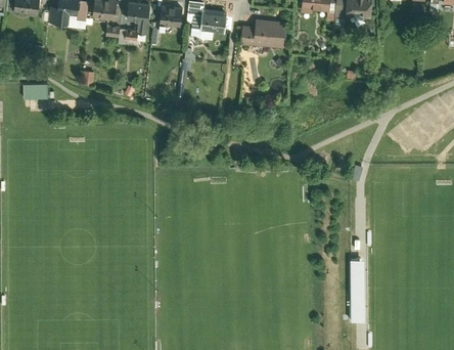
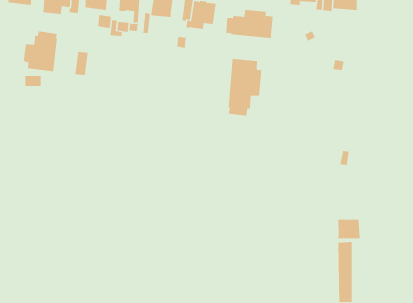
building: none -> [23,30,58,72]
building: none -> [228,58,262,116]
building: none -> [338,219,360,239]

